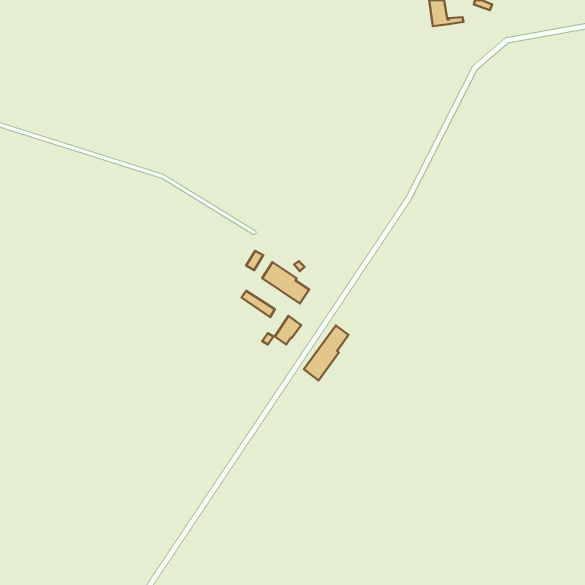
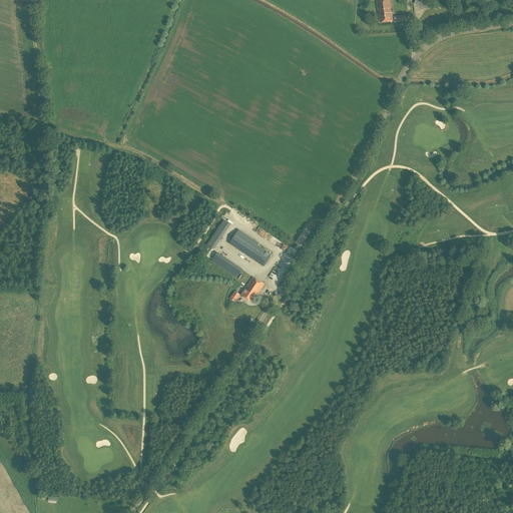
building: [304,326,349,380] -> none

